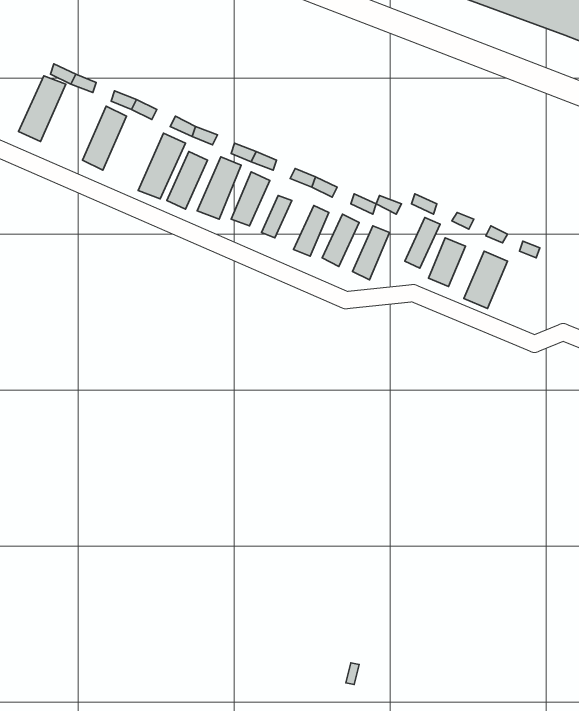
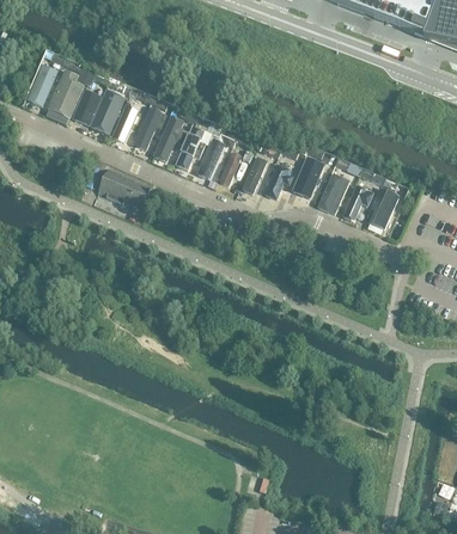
building: none -> [48,68,81,115]
building: none -> [92,87,123,133]
building: none -> [98,166,151,208]
building: none -> [370,189,398,227]

